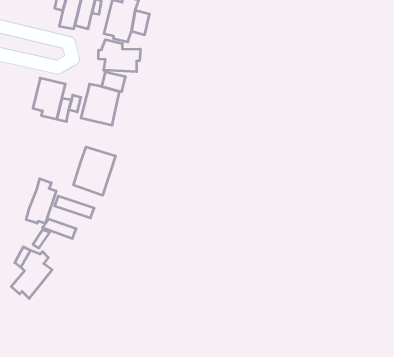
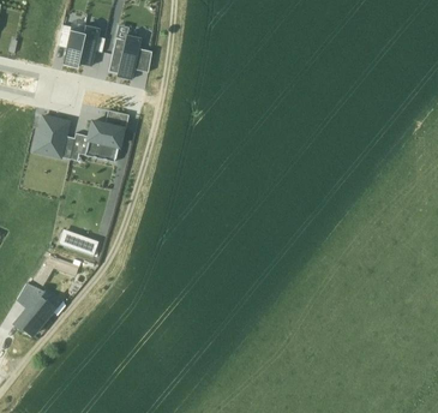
building: [99,40,140,72] -> none
building: [74,147,116,195] -> none
building: [26,179,56,224] -> none

